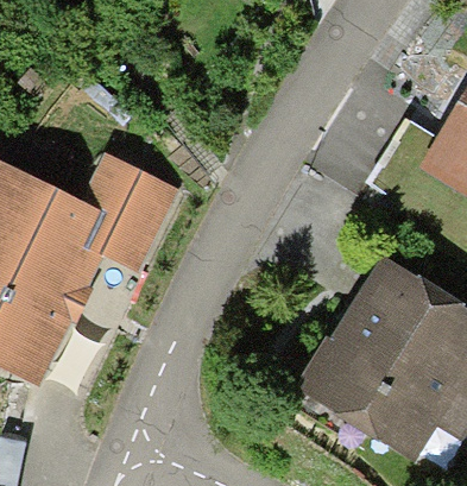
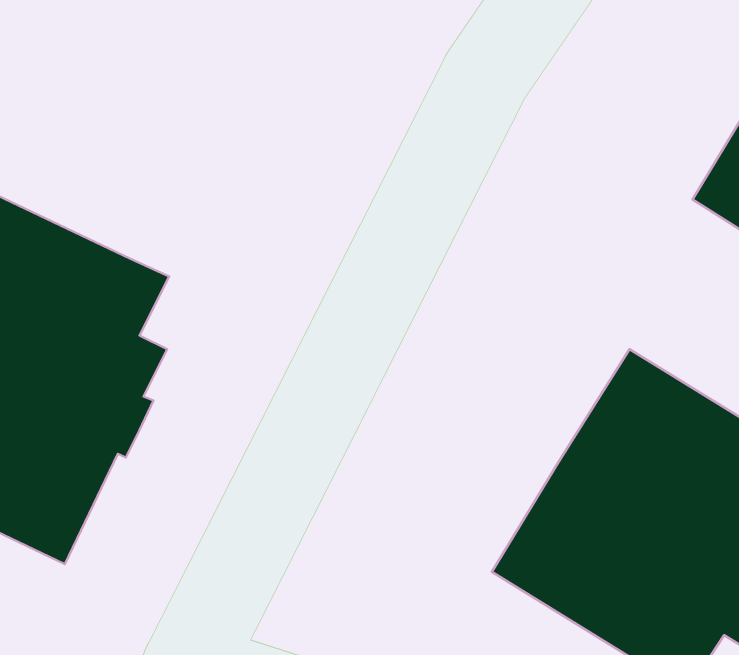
building: [81,152,179,272] -> none

